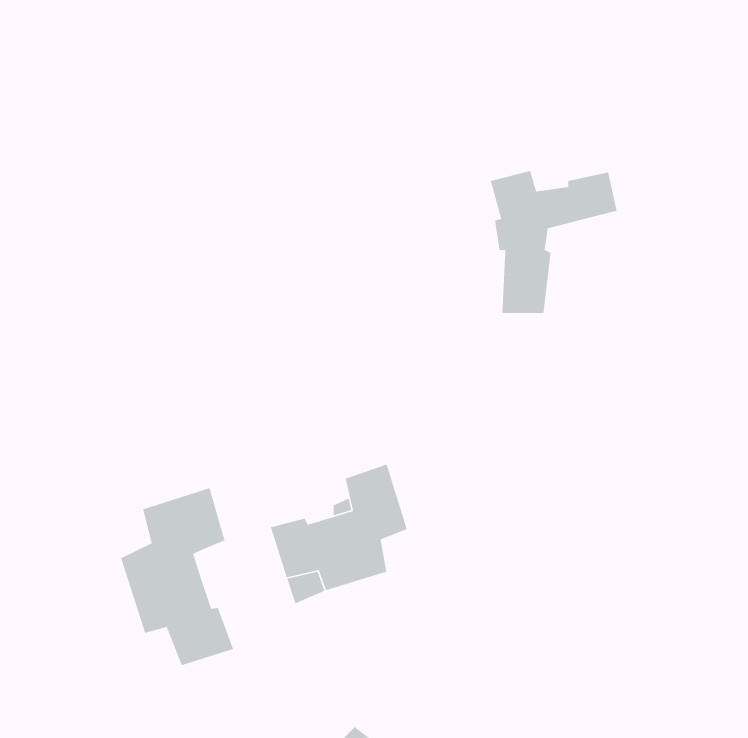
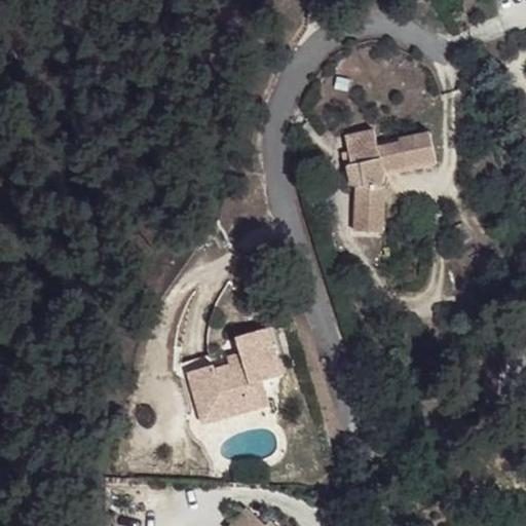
building: [120,487,234,666] -> none

